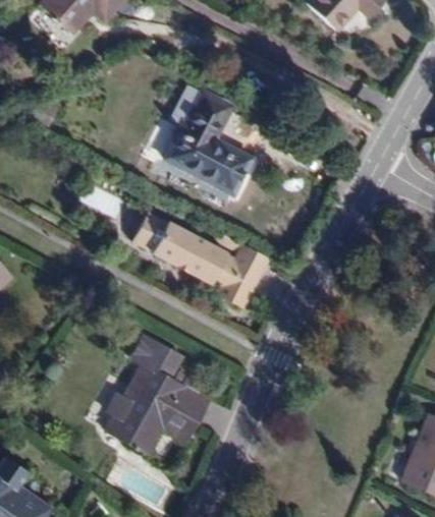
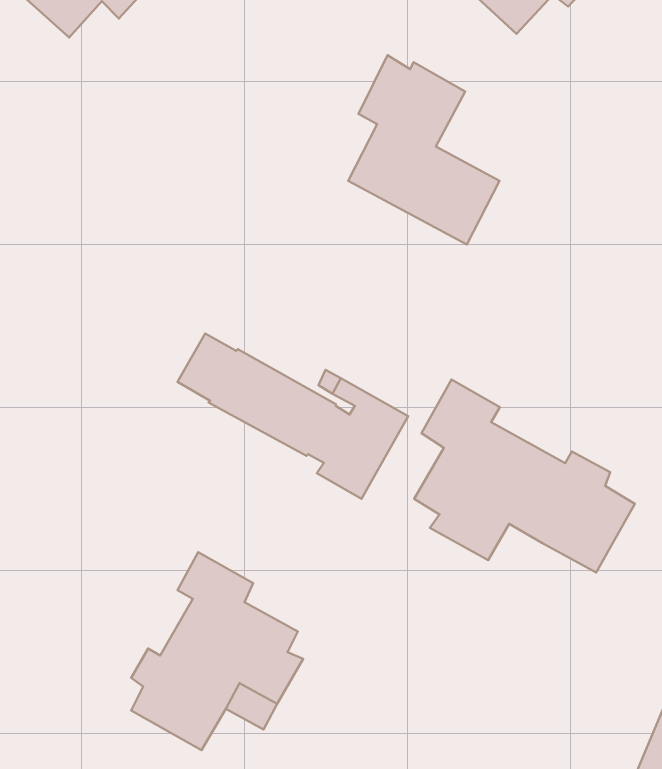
building: [164,87,254,198] -> [348,55,500,245]
building: none -> [414,379,635,573]

